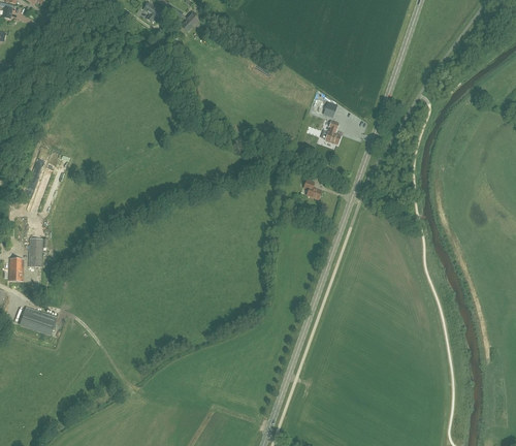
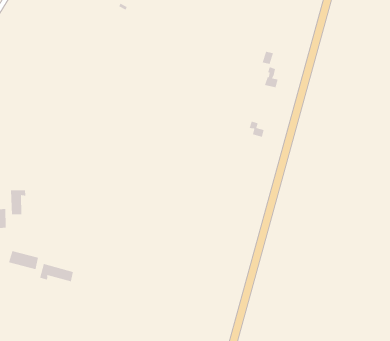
building: none -> [40,263,74,282]

